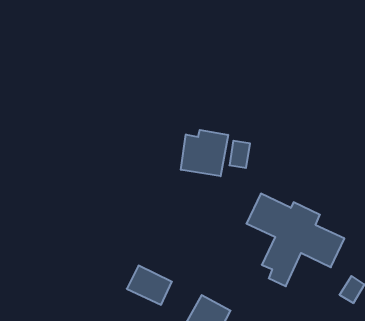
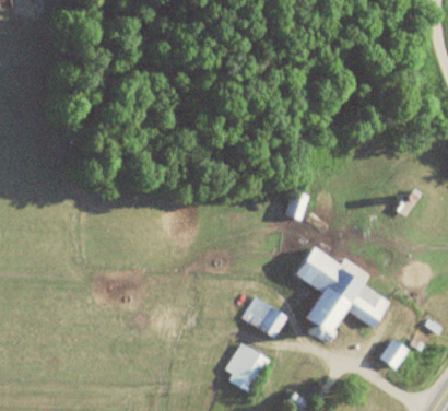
building: [181,130,228,176] -> none
building: [127,266,172,305] -> [241,296,287,338]

